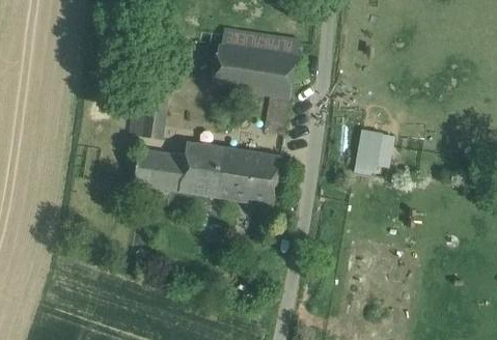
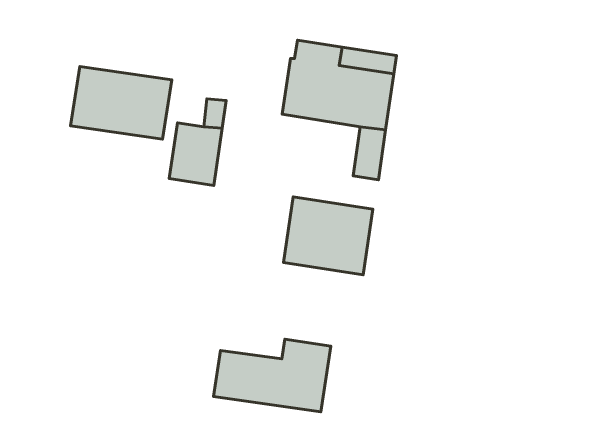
building: none -> [71,66,172,139]
building: [355,128,394,165] -> none
building: [134,142,221,196] -> [214,339,331,412]

